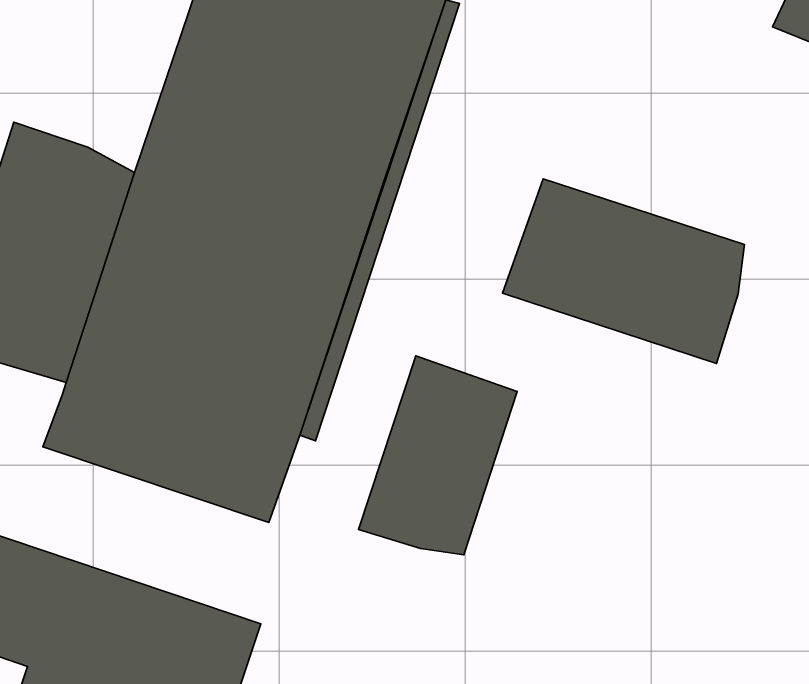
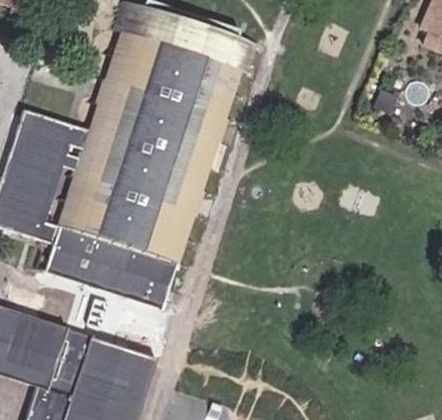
building: [503,179,744,363] -> none
building: [359,356,517,555] -> none

